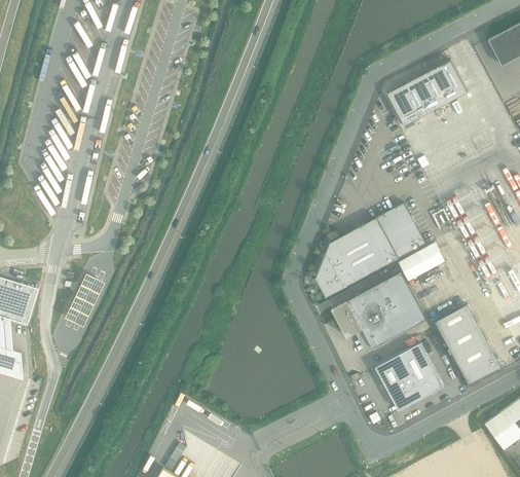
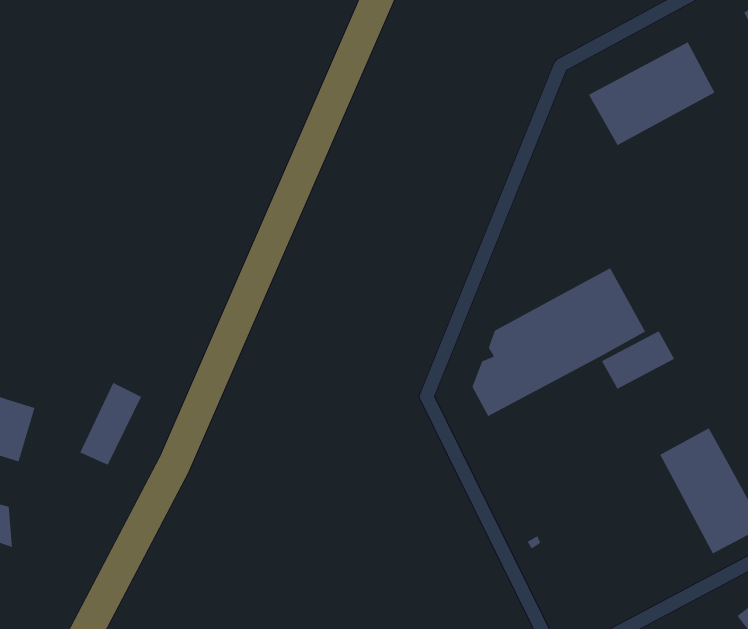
building: [330,272,425,350] -> none
building: [374,344,443,412] -> none

